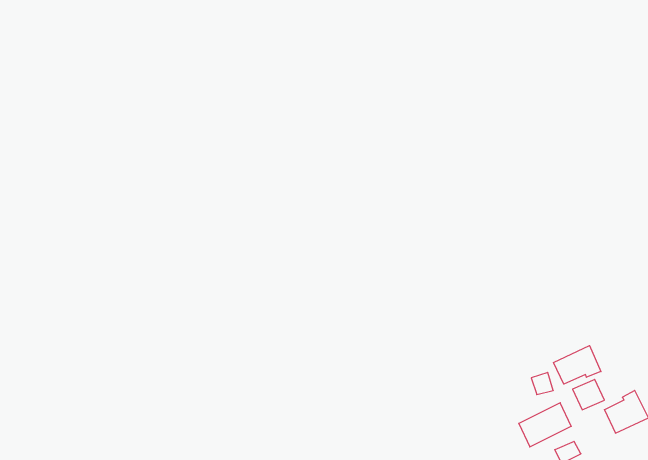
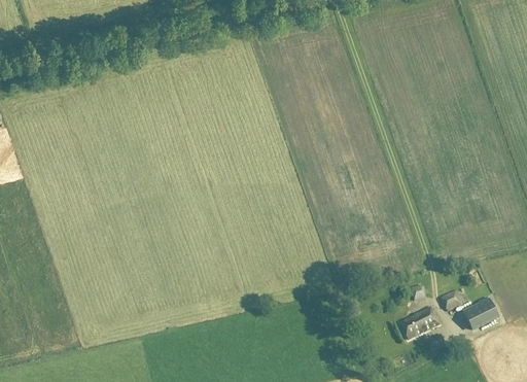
building: [554,346,601,384] -> none

